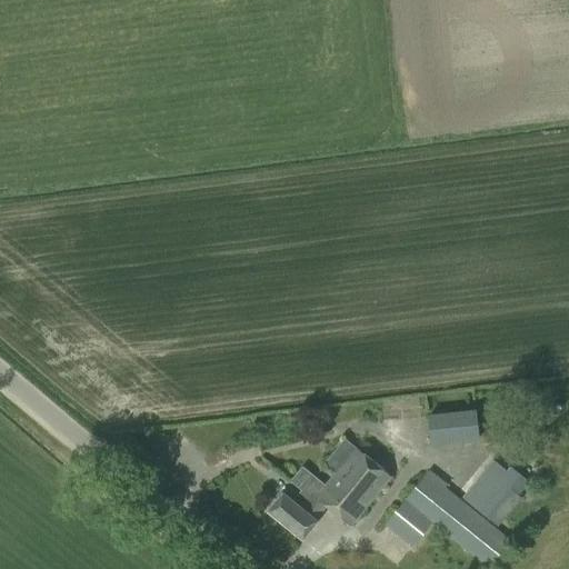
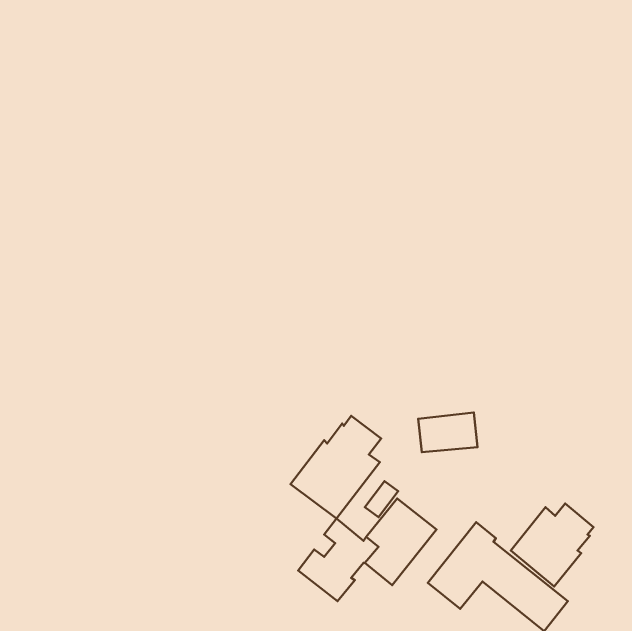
building: none -> [291,416,381,518]
building: [427,409,480,445] -> [418,413,478,452]

